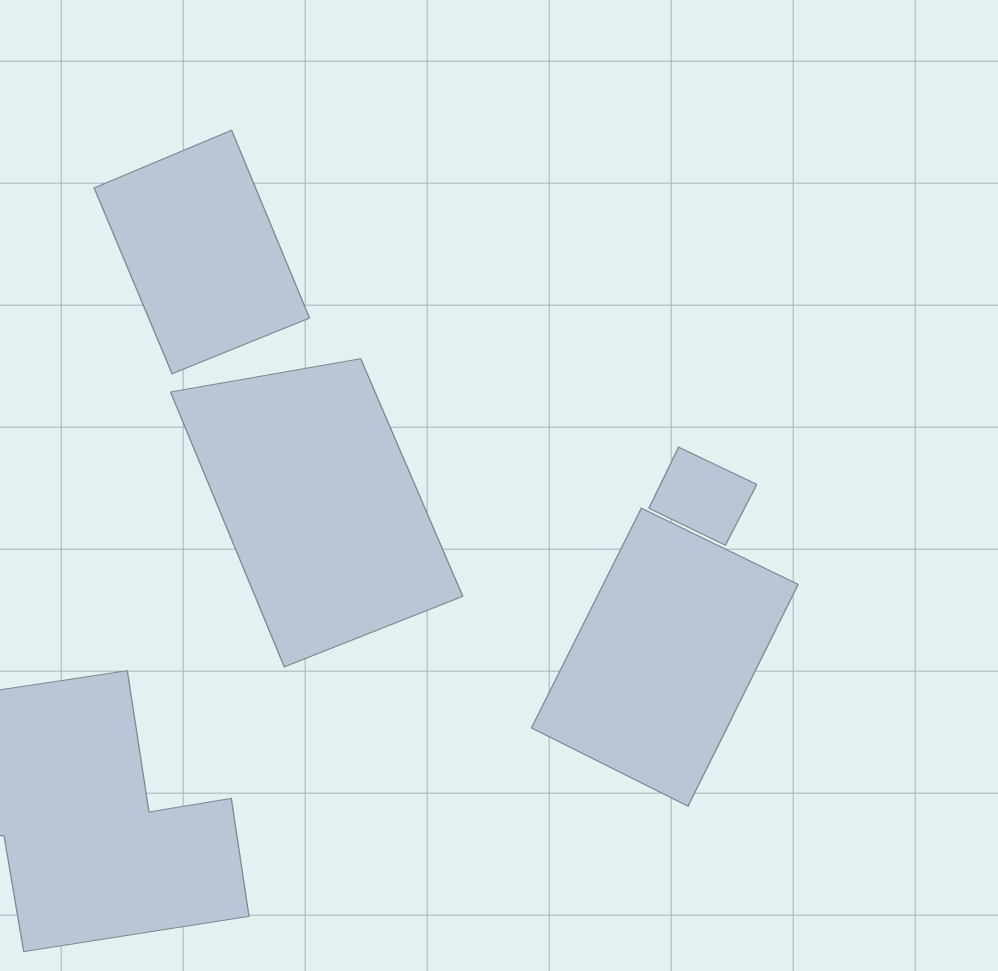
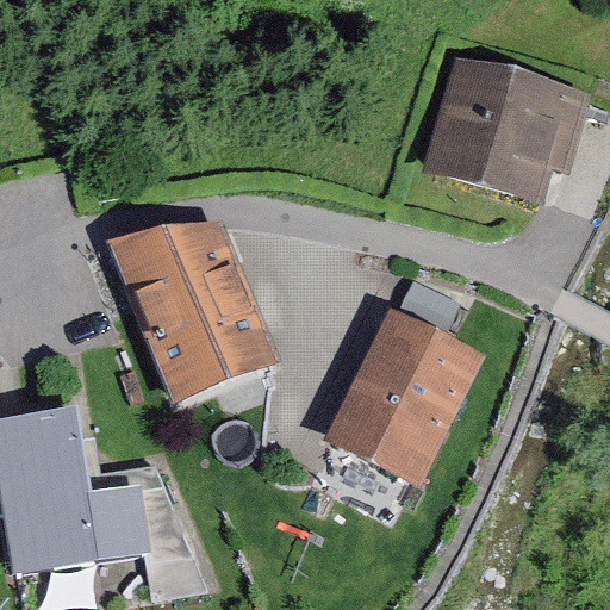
building: none -> [419,54,592,208]
building: [94,130,309,374] -> none

